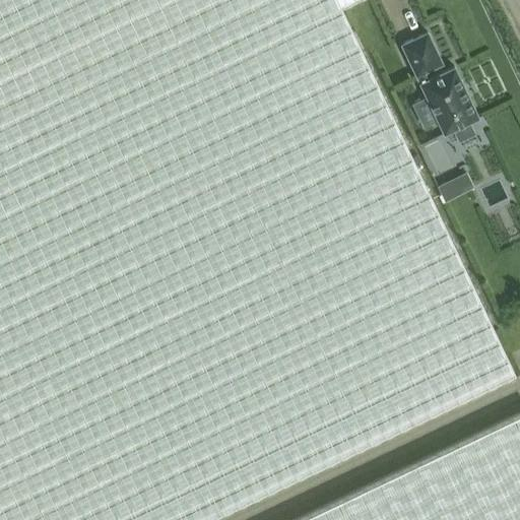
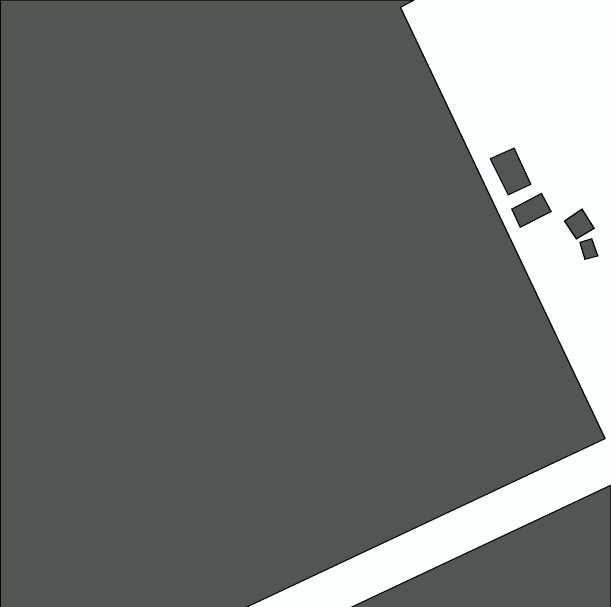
building: [401,36,477,143] -> none

